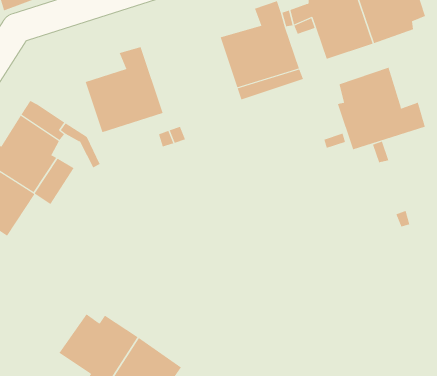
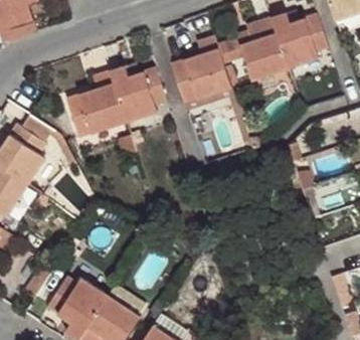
building: none -> [110,65,167,122]
building: [337,67,426,150] -> none

